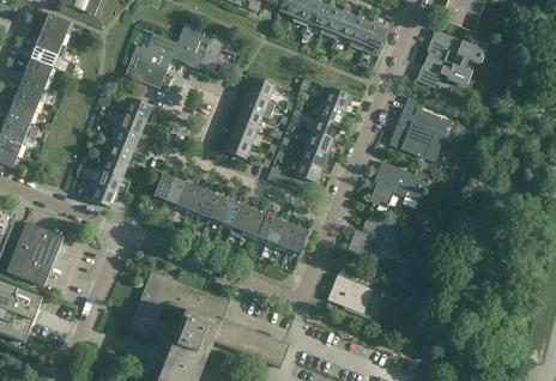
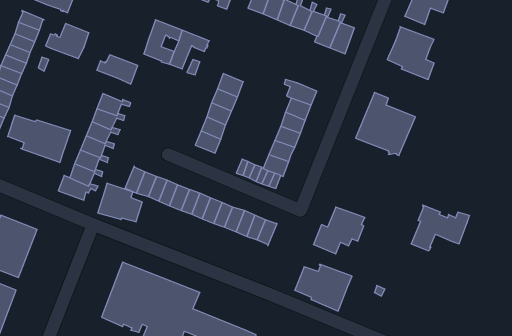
building: [132,32,176,68] -> [46,23,89,59]
building: none -> [8,115,71,163]
building: [368,161,428,207] -> [411,205,470,251]
building: none -> [98,183,142,222]

